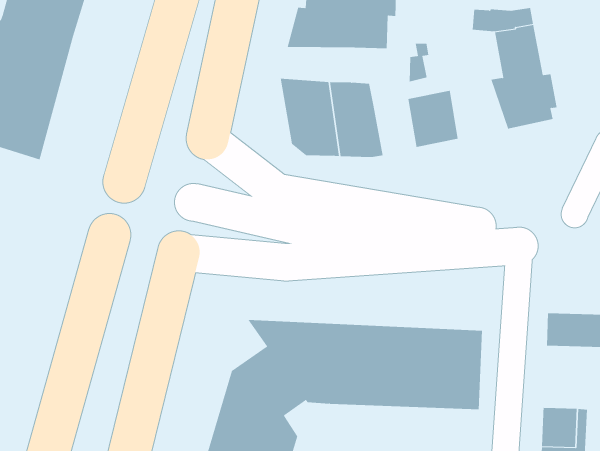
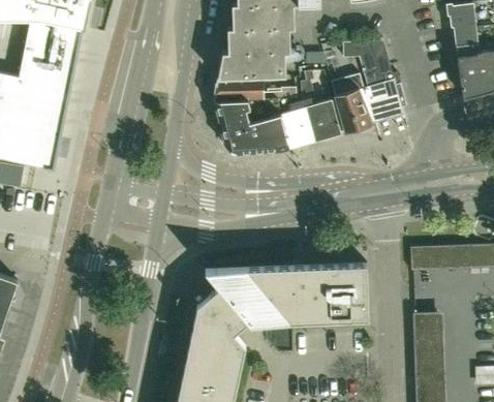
building: none -> [214,78,264,102]
building: none -> [330,75,373,133]
building: none -> [276,100,311,150]

